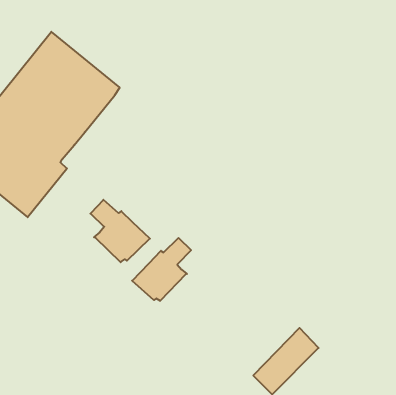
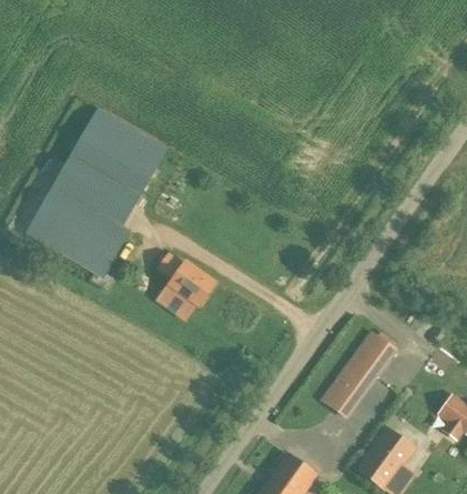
building: [132,238,191,301] -> none

